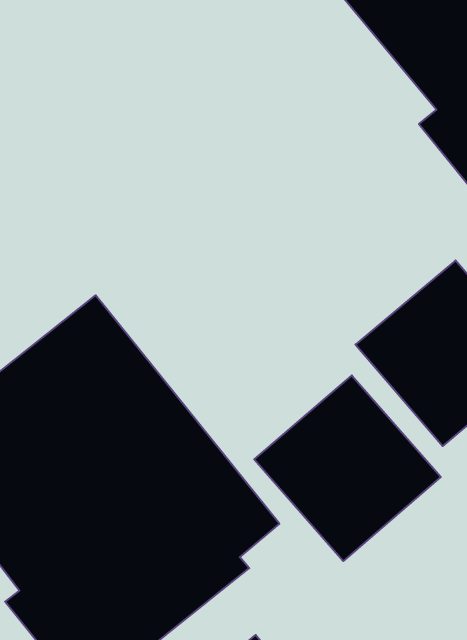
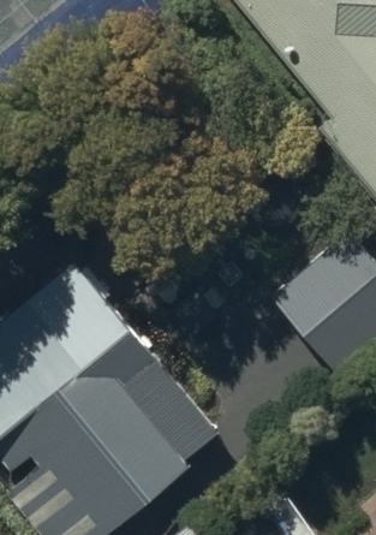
building: [254,375,441,561] -> none

